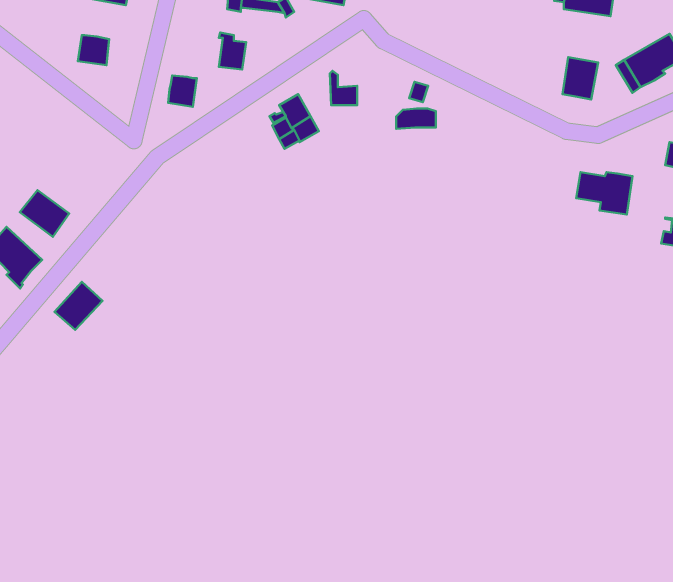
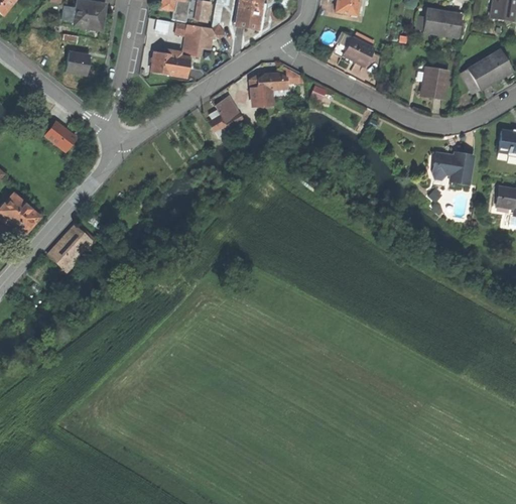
building: none -> [184,31,213,55]
building: none -> [345,37,374,67]
building: [168,75,197,107] -> [151,51,172,75]
building: [396,108,436,129] -> [257,75,286,90]
building: [20,190,69,237] -> [38,117,75,151]

